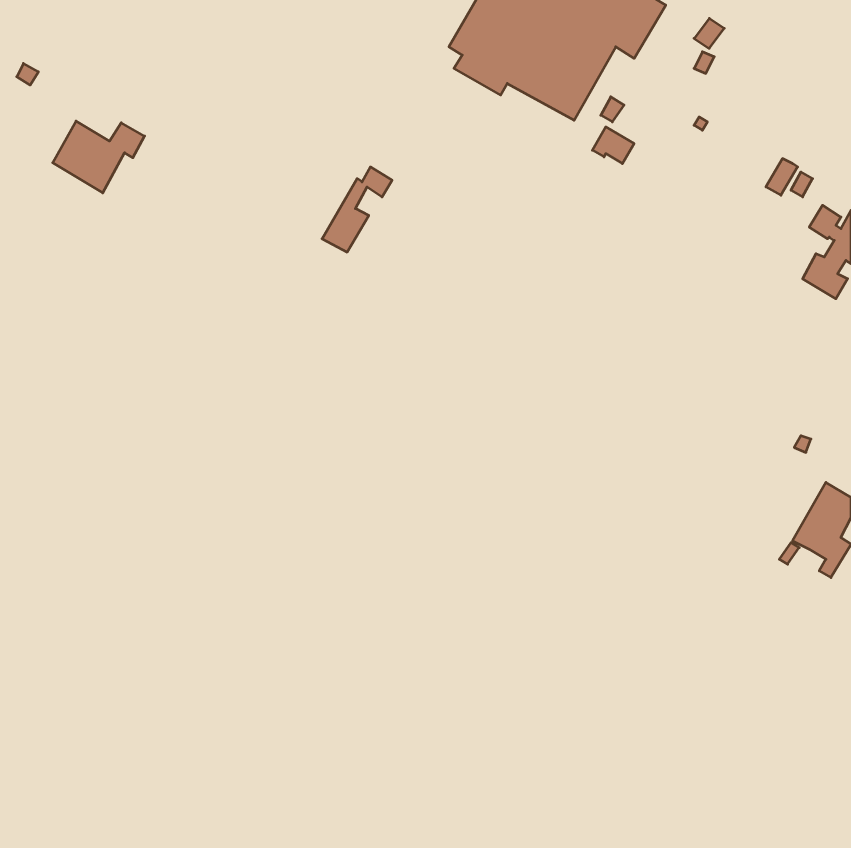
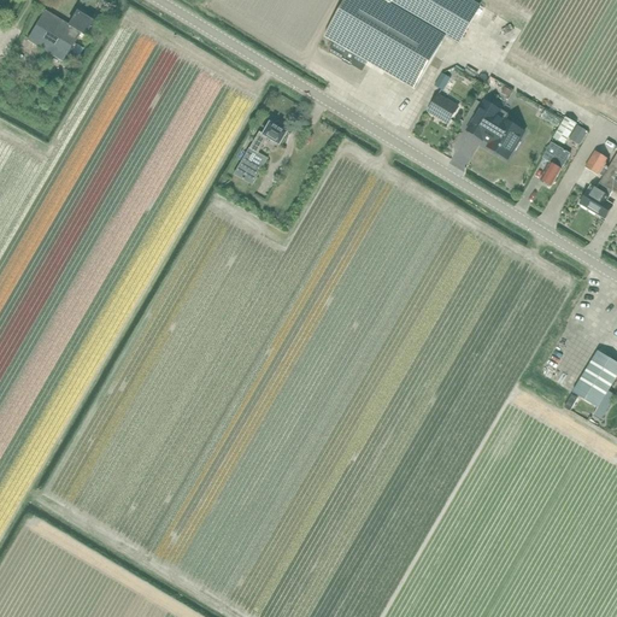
building: [53,121,145,193] -> [27,7,93,59]
building: none -> [466,98,524,157]
building: none -> [540,140,570,184]

